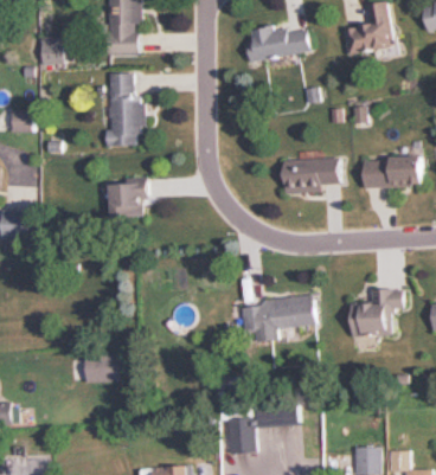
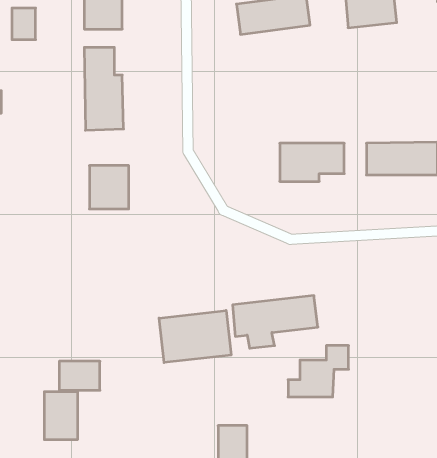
building: [351,289,405,335] -> [288,346,349,397]
building: none -> [159,310,231,363]
building: none -> [44,392,77,440]

